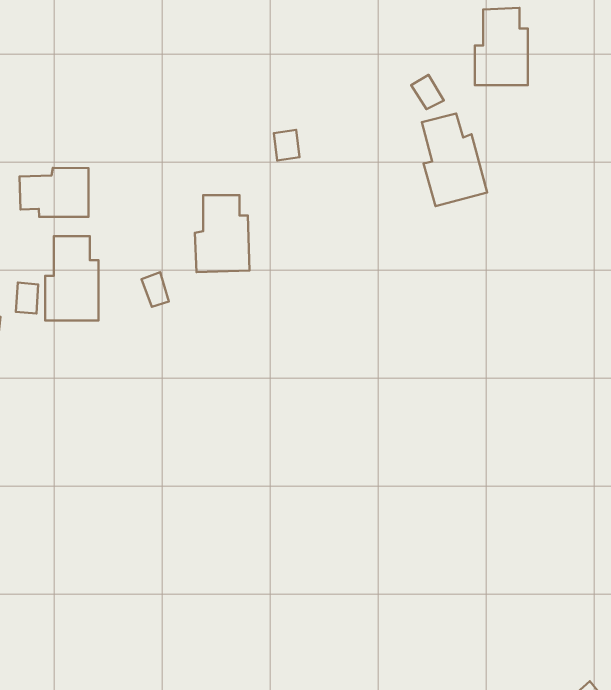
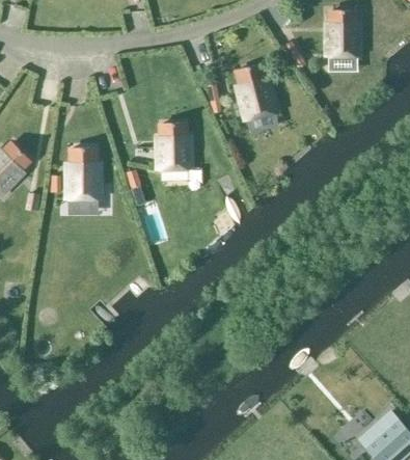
building: [422,114,487,206] -> [238,65,277,121]
building: [19,168,88,217] -> none

